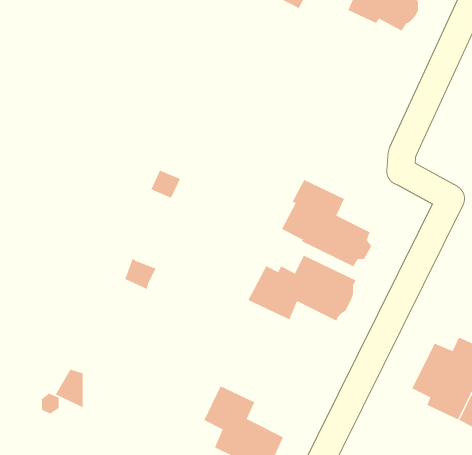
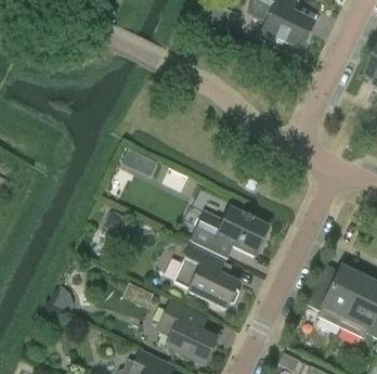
building: [281,179,372,267] -> [174,244,239,307]

